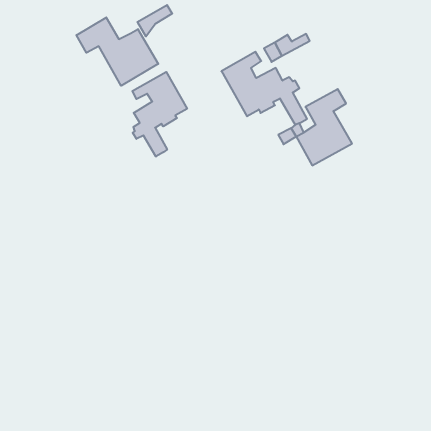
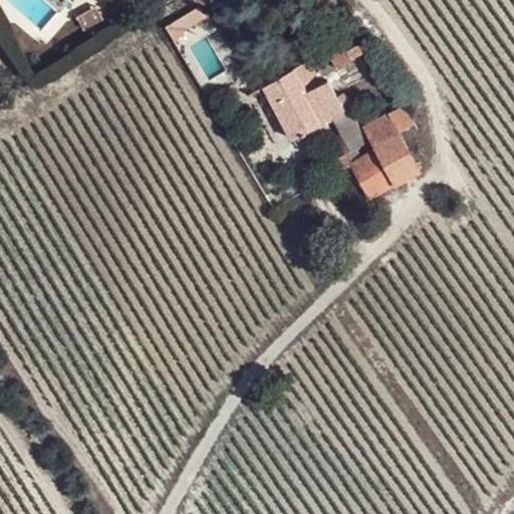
building: [76,17,158,86] -> none
building: [132,72,187,157] -> none

